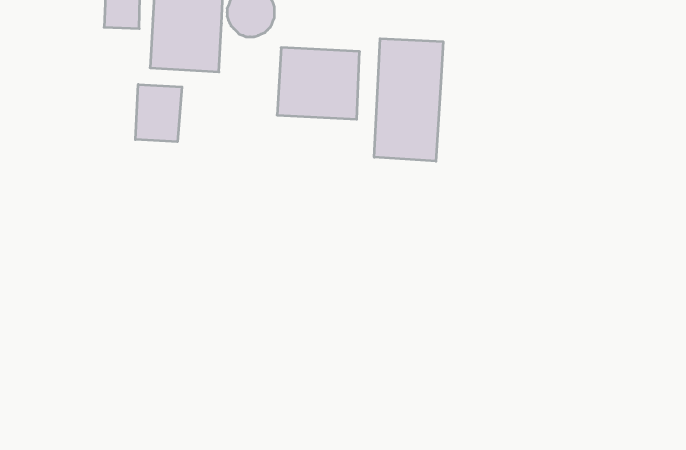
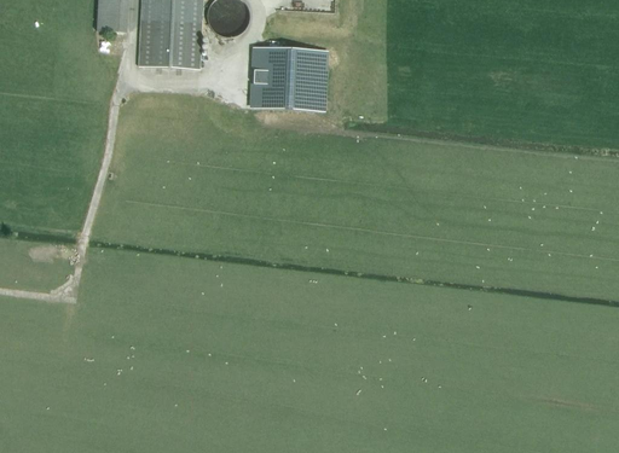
building: [374,39,443,161] -> none
building: [135,84,182,142] -> none

